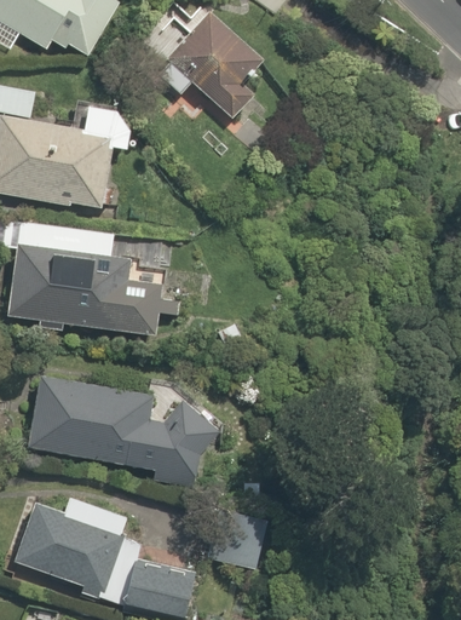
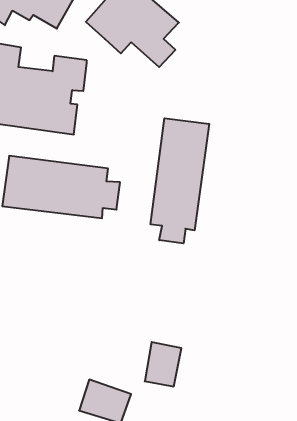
building: none -> [151,118,209,243]
building: [28,374,209,490] -> none
building: [13,503,117,596] -> none

